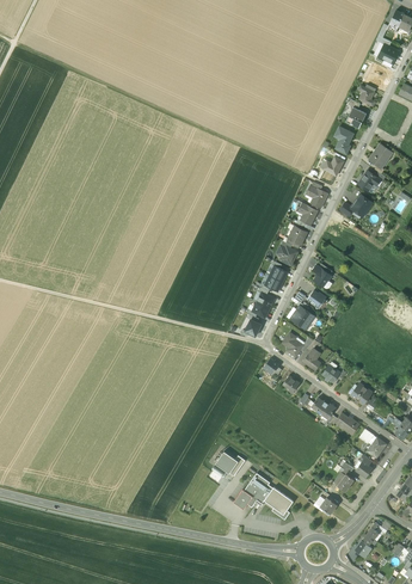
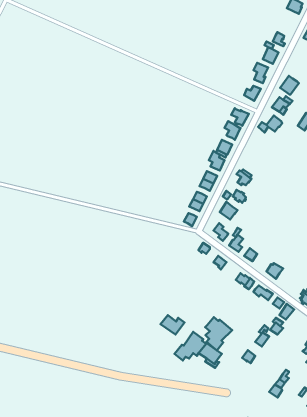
building: none -> [205,317,232,350]

